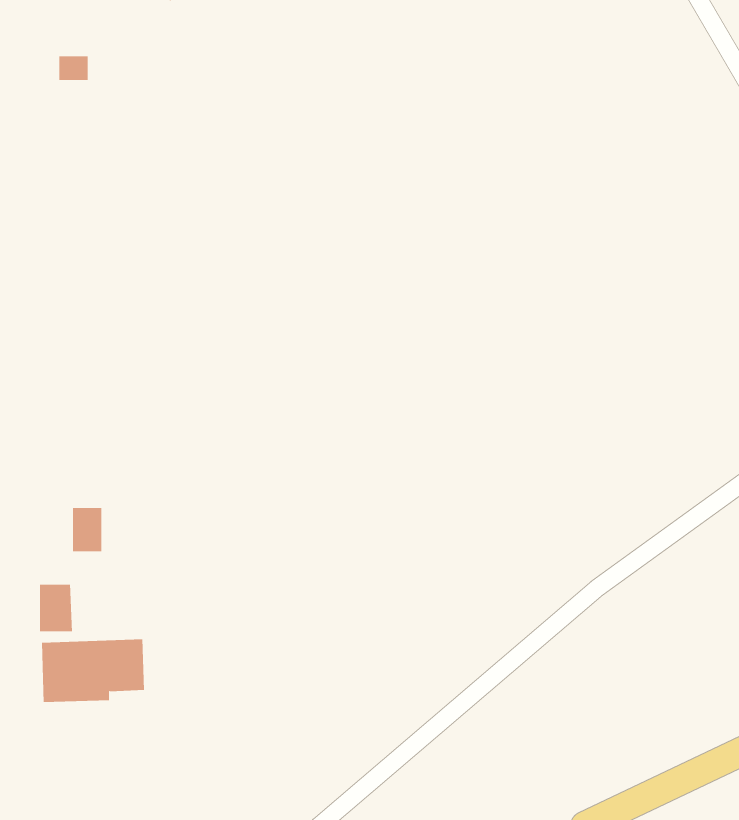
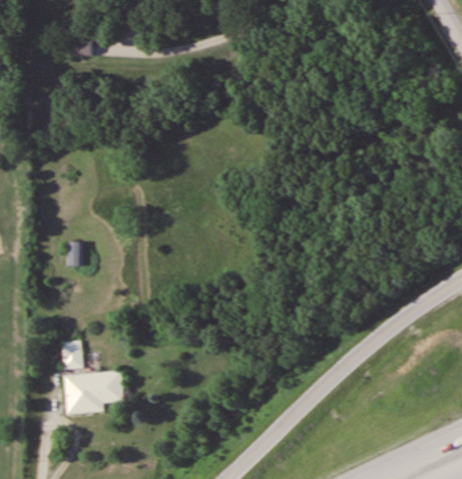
building: [72,508,102,552] -> [66,241,83,266]

